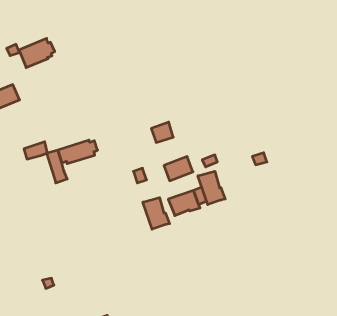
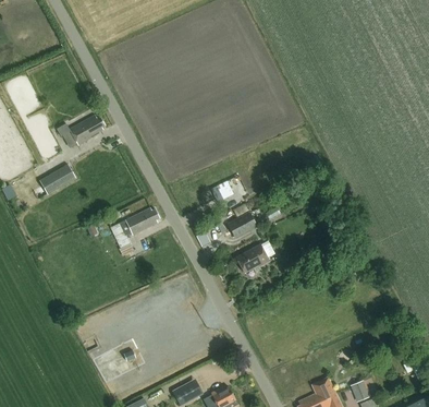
building: [198,171,225,205] -> none
building: [143,198,170,229] -> none

